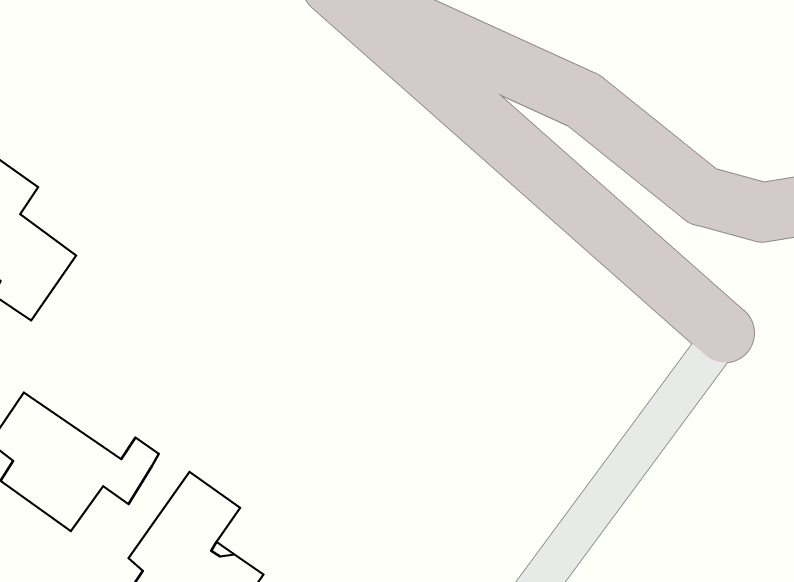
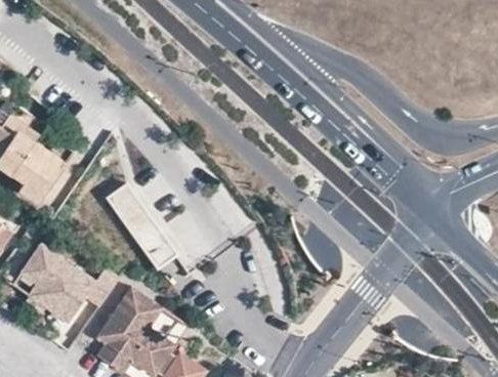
building: none -> [107,186,183,274]

